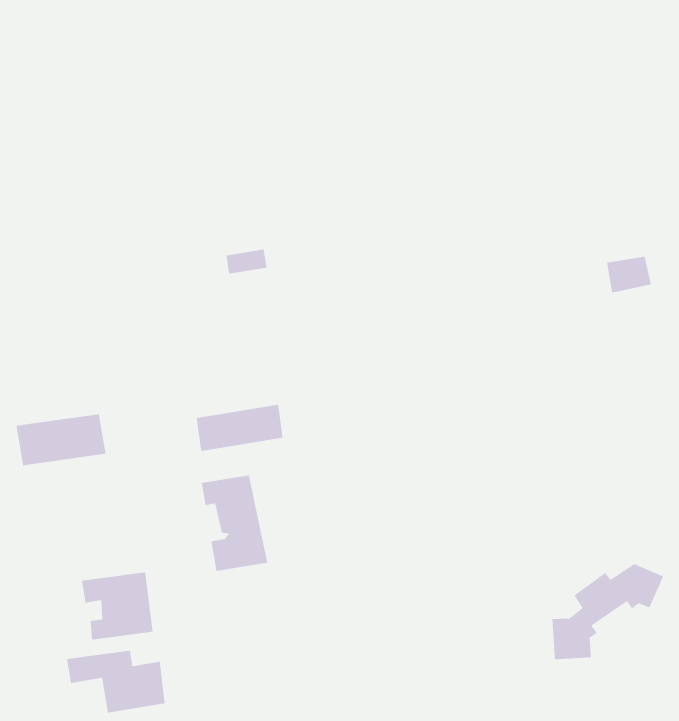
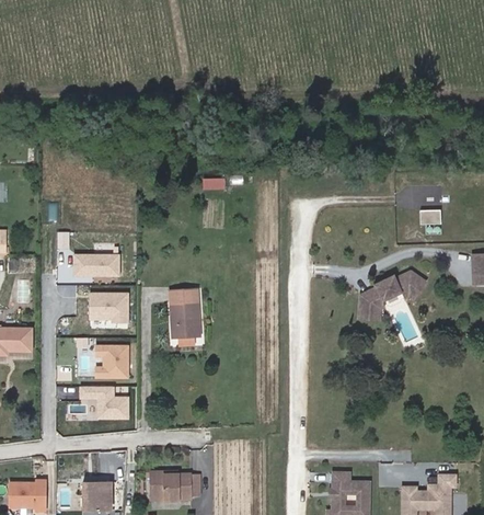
building: [196,404,283,452] -> none
building: none -> [91,287,131,317]
building: [551,563,664,660] -> [359,273,427,321]

